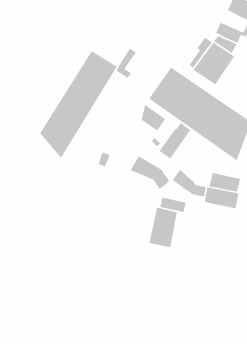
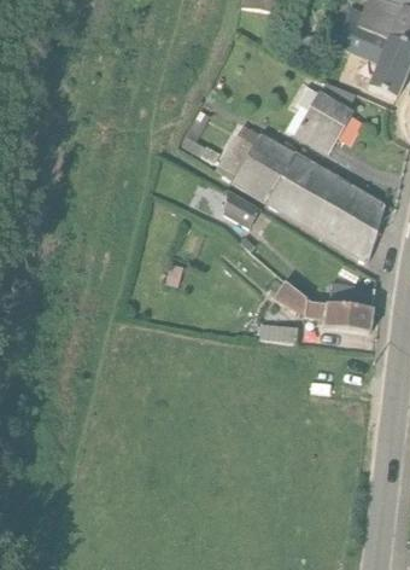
building: [39,50,118,159] -> none
building: [159,122,191,160] -> [216,124,260,180]
building: [130,155,170,190] -> none
building: [149,207,178,248] -> none

